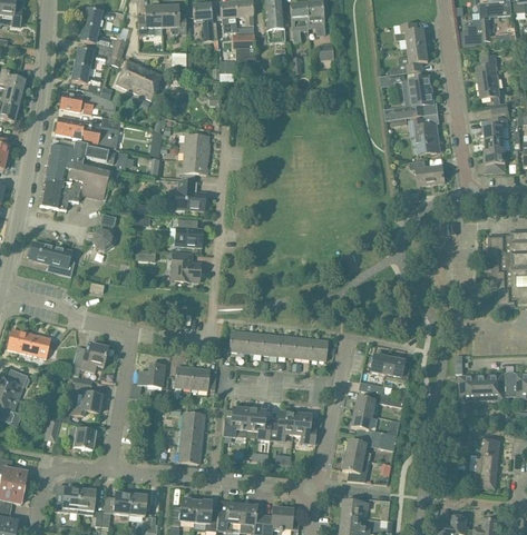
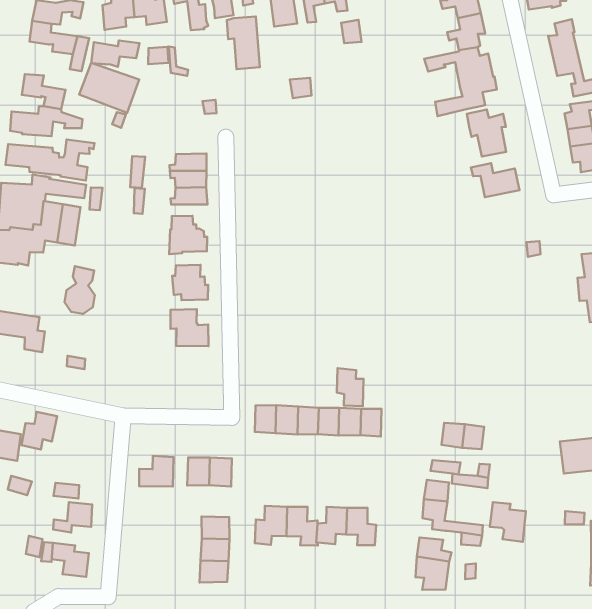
building: [75,48,113,68] -> [91,40,139,67]
building: none -> [337,368,363,406]
building: [79,343,108,371] -> [21,412,57,450]
building: none -> [490,502,526,542]

